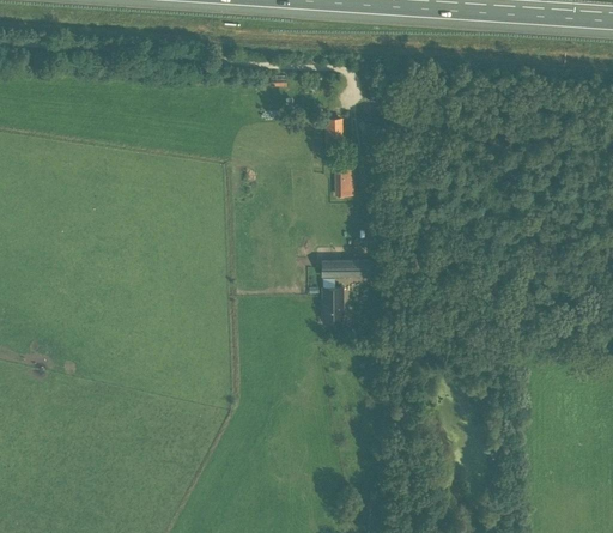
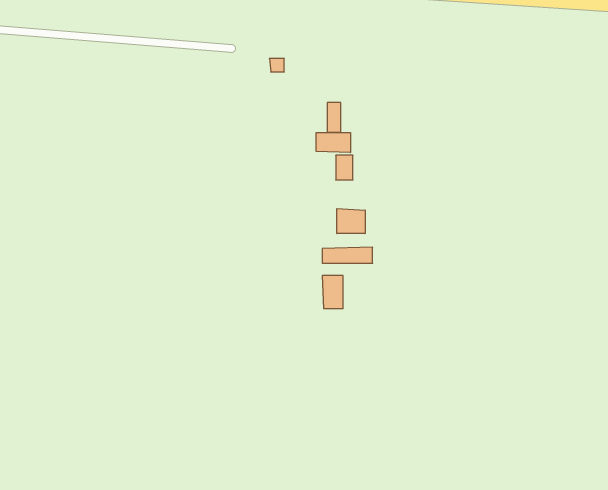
building: none -> [316,133,350,153]
building: none -> [337,209,365,234]

